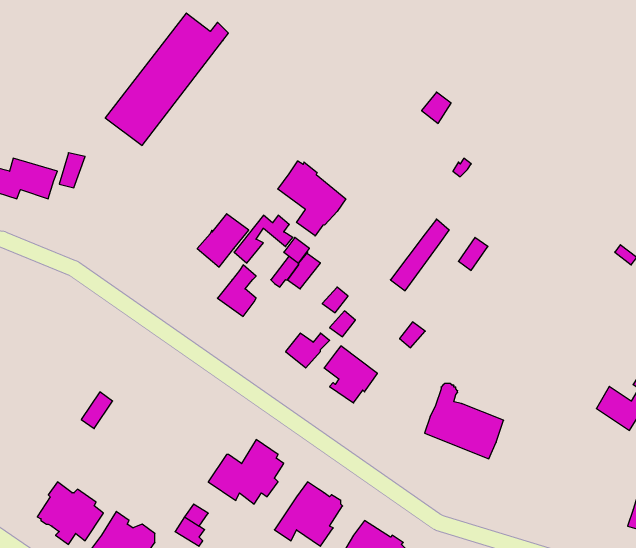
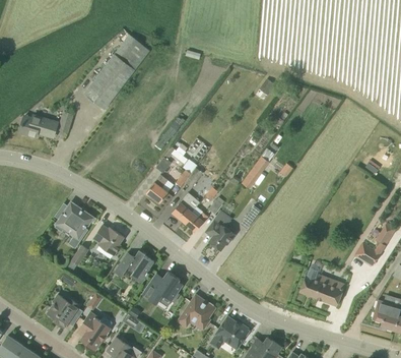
building: [278,161,346,236] -> none
building: [197,214,249,267] -> [172,192,200,222]
building: none -> [55,202,92,247]
building: none -> [93,225,124,254]
building: [425,383,504,459] -> [300,263,344,305]
building: none -> [115,249,154,282]

